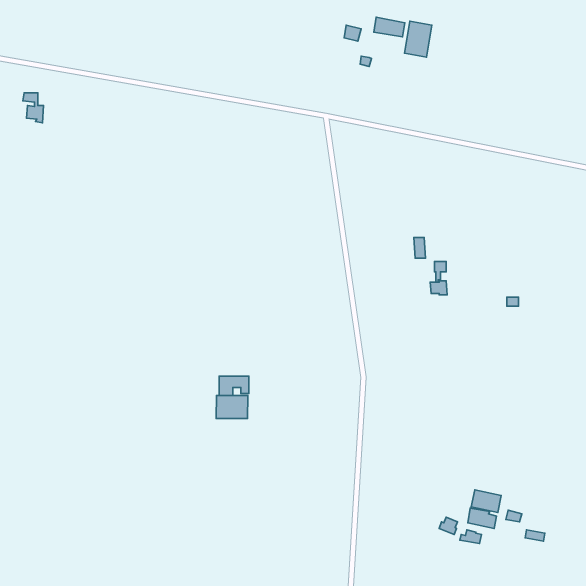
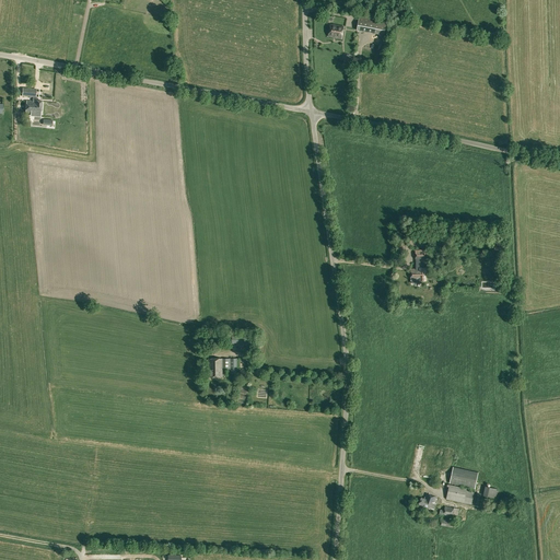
building: [405,21,432,57] -> none
building: [216,396,248,418] -> none

